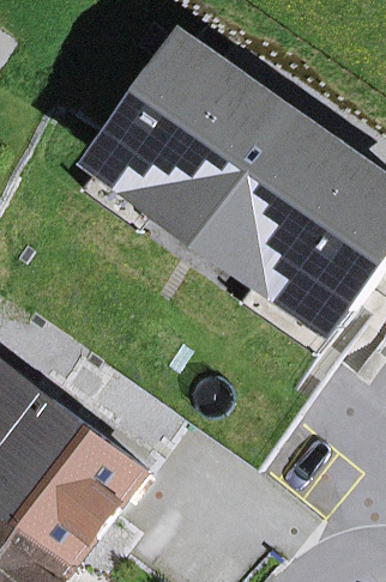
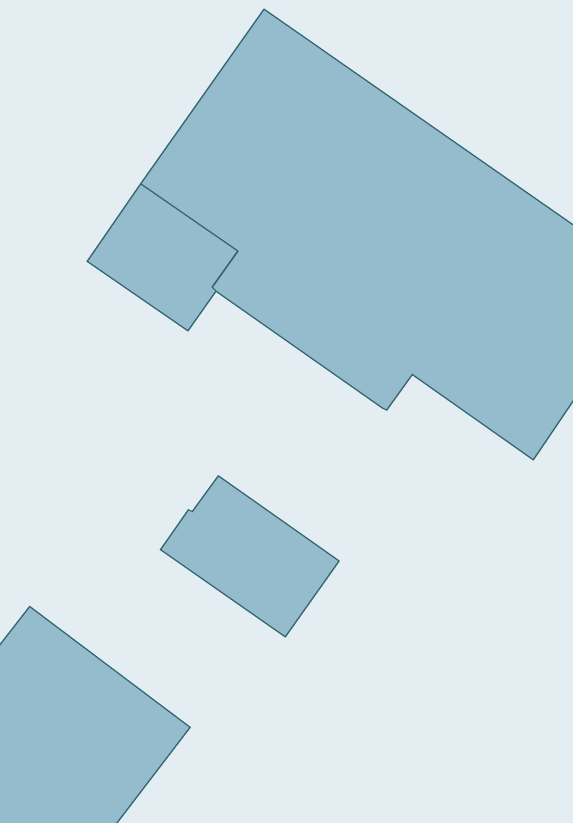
building: [243,255,351,352] -> [160,476,339,637]

